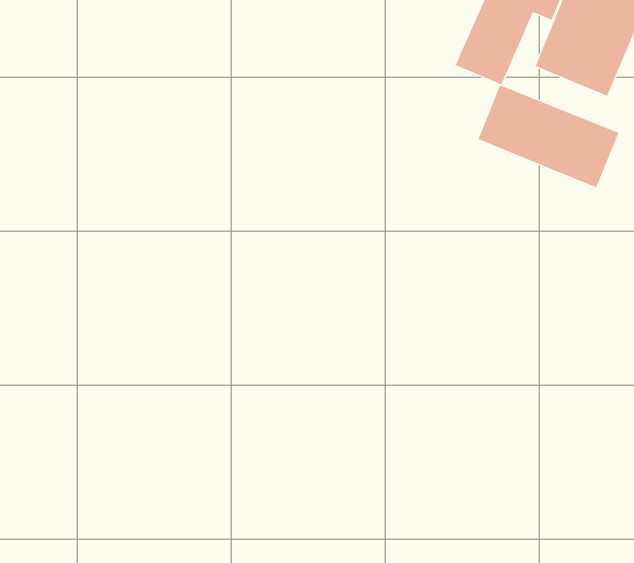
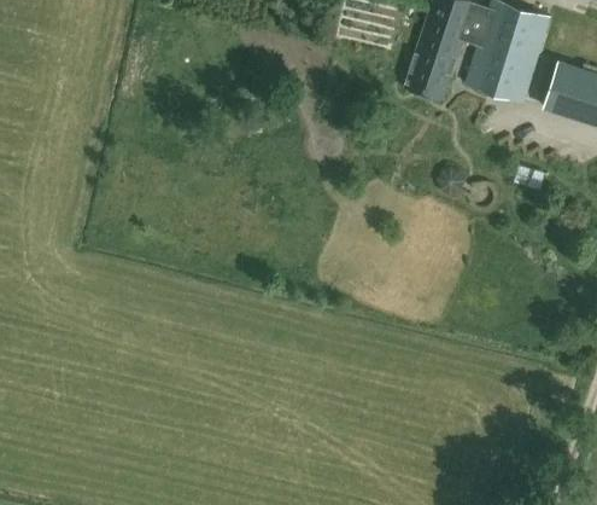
building: [478,84,619,188] -> none

